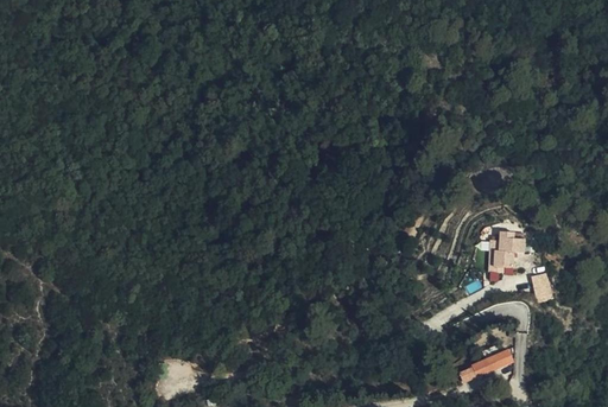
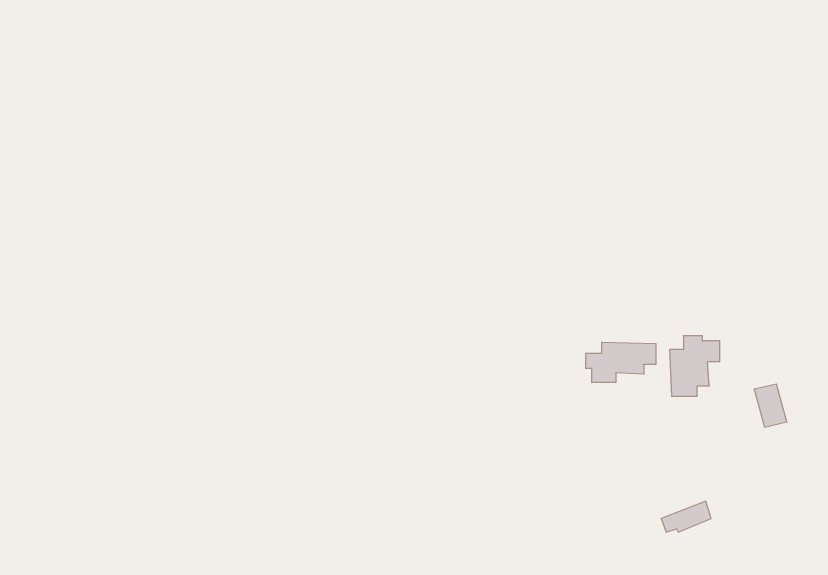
building: none -> [586,342,656,383]

